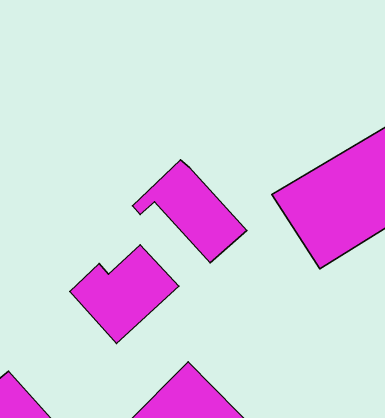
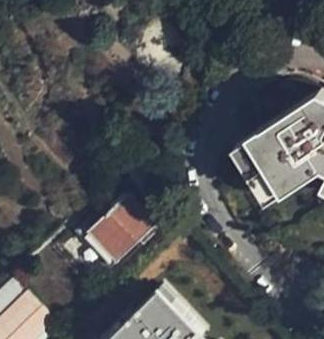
building: [133,160,247,263] -> none

